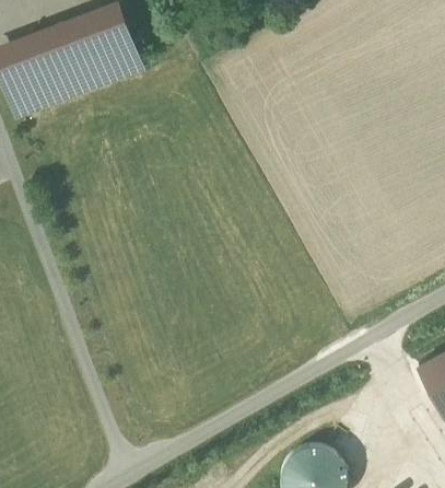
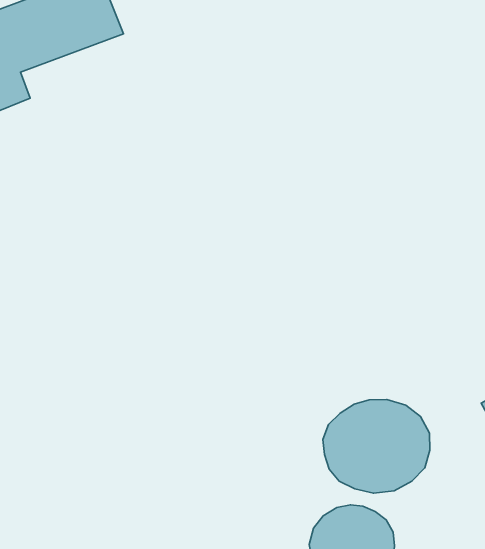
building: none -> [323,400,430,493]

